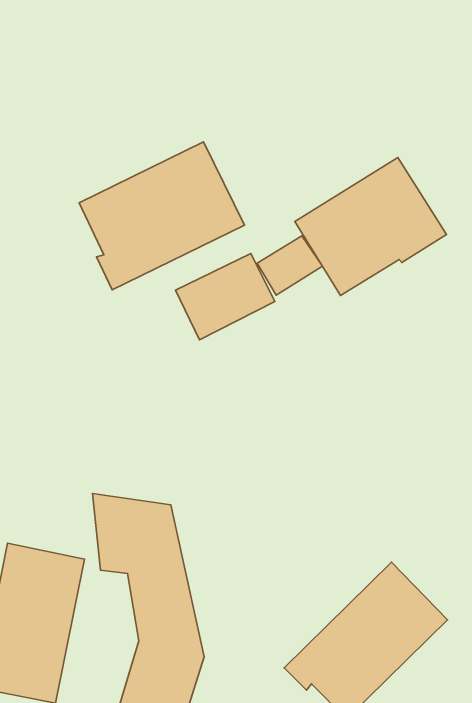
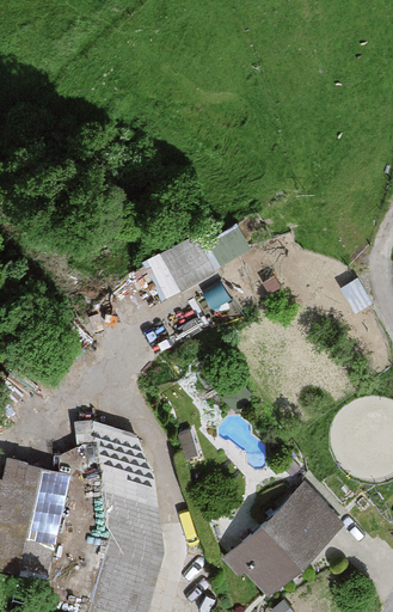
building: [79,142,245,290] -> none
building: [295,157,446,296] -> none

